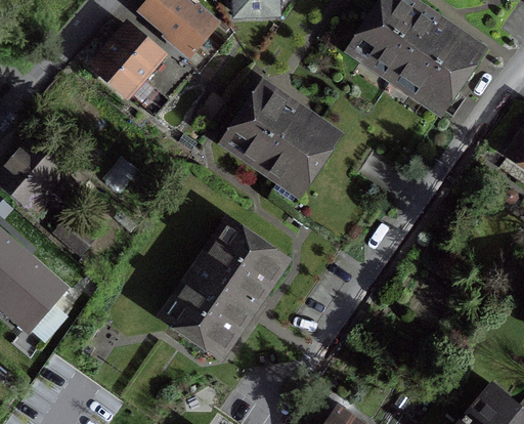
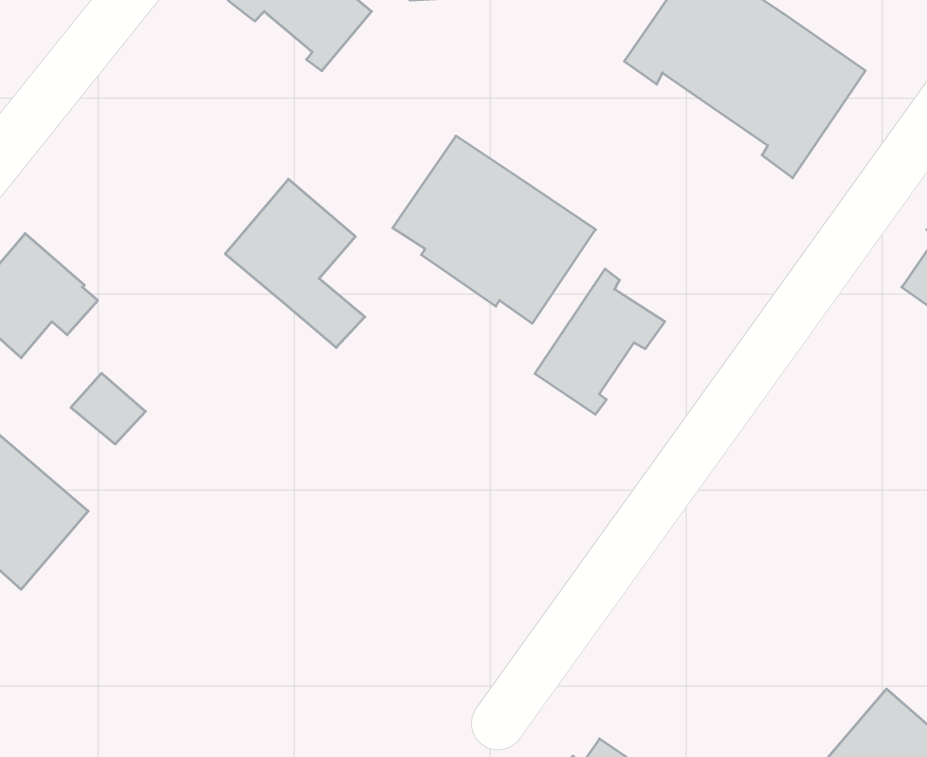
building: [93,29,168,119] -> [225,179,365,348]
building: none -> [535,269,665,414]
building: [167,226,281,355] -> none

